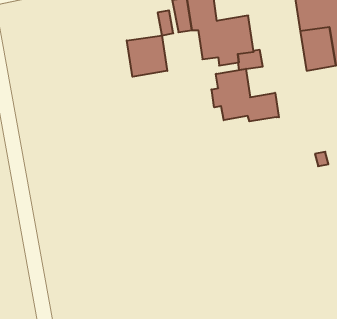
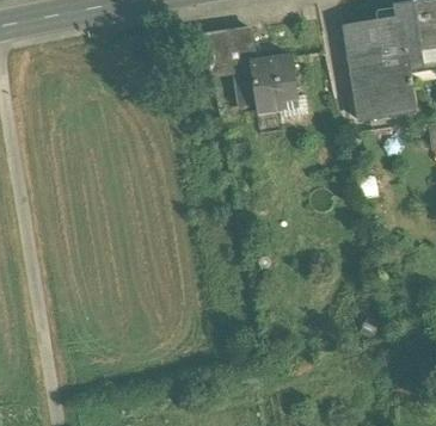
building: [127,35,167,77] -> none
building: [211,69,279,121] -> none

